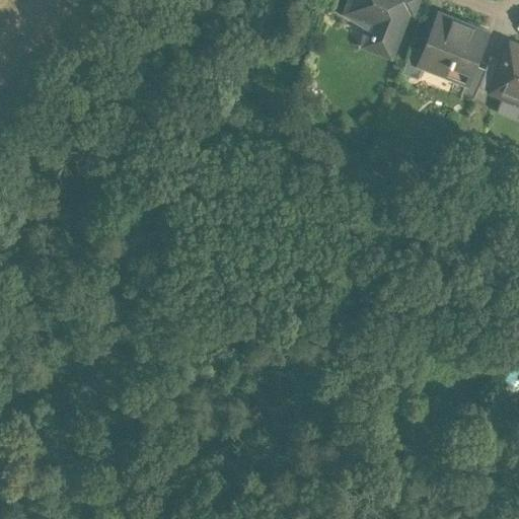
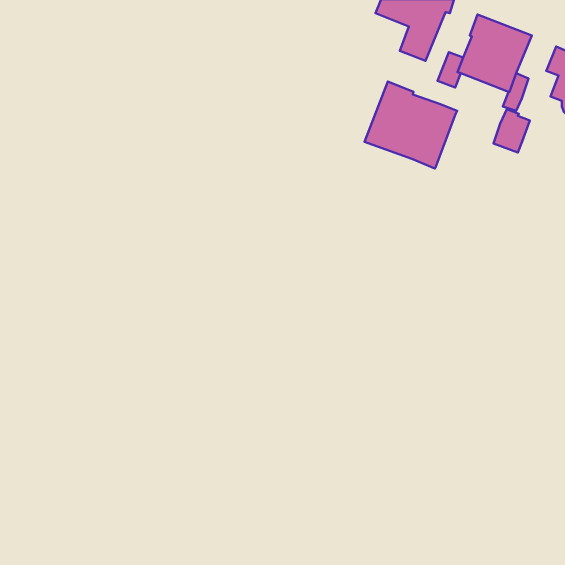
building: [478,59,512,98] -> [493,109,530,152]
building: none -> [365,81,457,168]

